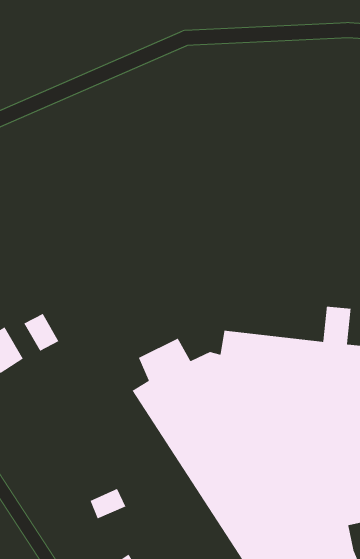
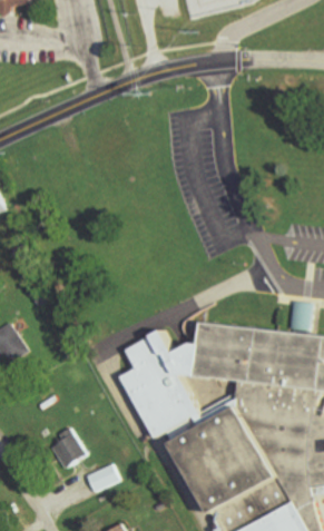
building: [23,313,60,352] -> none
building: none -> [50,427,84,468]

